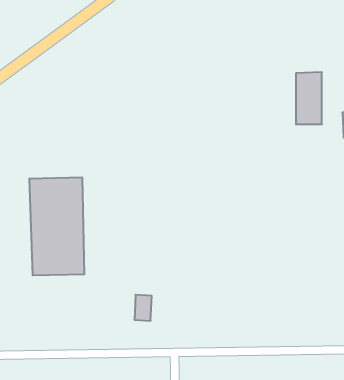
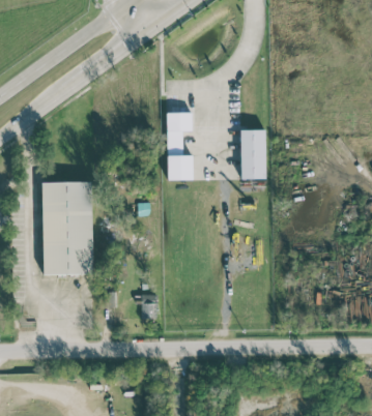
building: [296,72,322,124] -> [240,129,265,179]
building: none -> [167,113,193,180]

